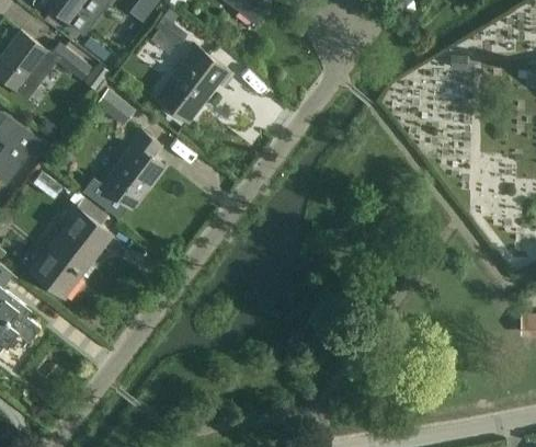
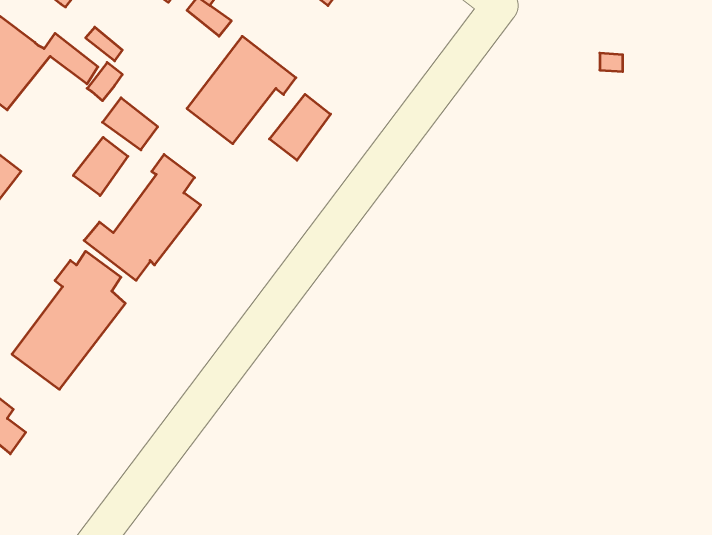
building: none -> [269,94,331,160]
building: none -> [73,137,128,196]

